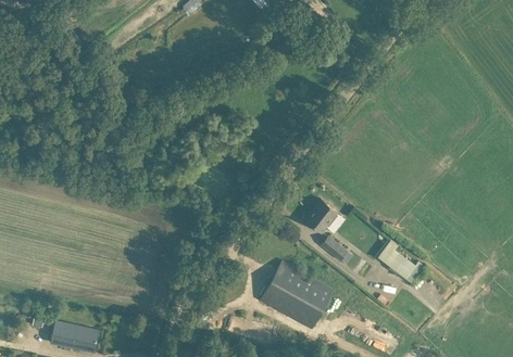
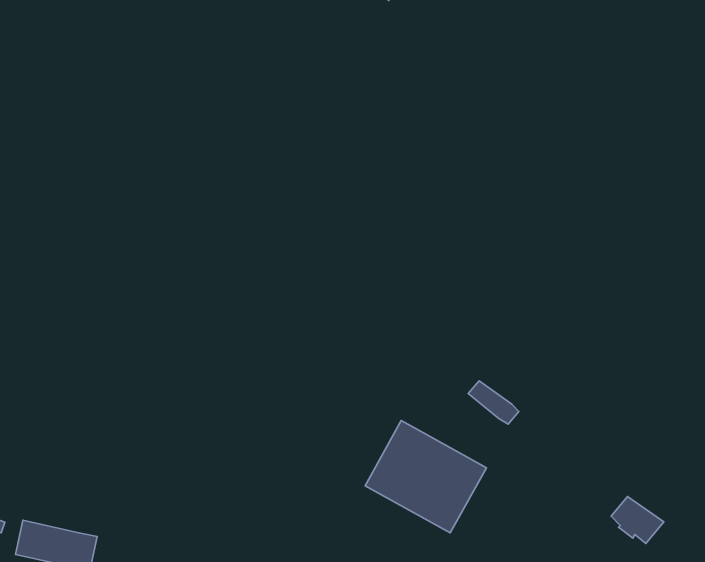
building: [305,199,337,232] -> none
building: [385,250,416,278] -> [611,496,664,543]

